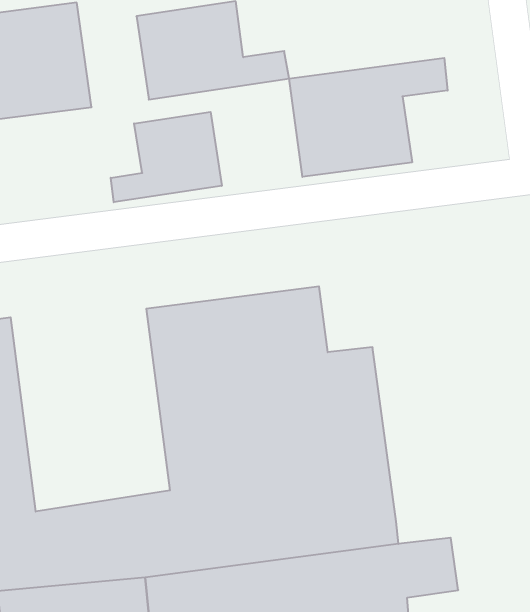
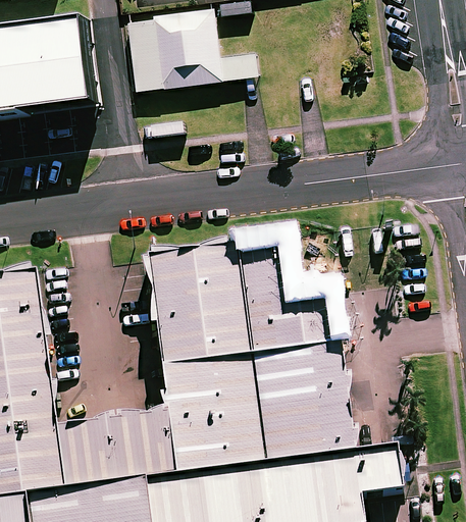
building: [289,58,448,177] -> none
building: [111,112,222,202] -> none

